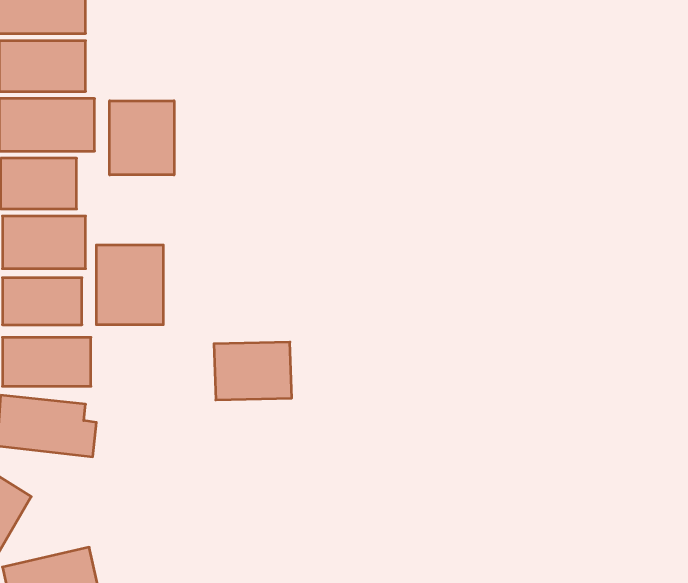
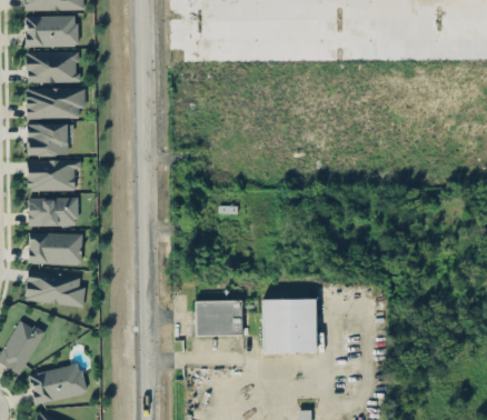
building: [110,101,174,175] -> none
building: [96,245,163,325] -> none
building: [214,342,292,400] -> [196,301,244,337]
building: none -> [262,300,317,353]

